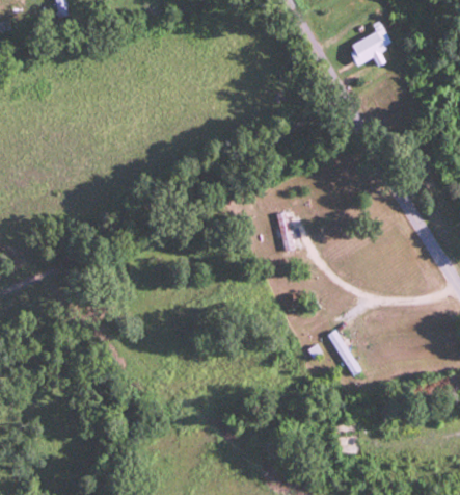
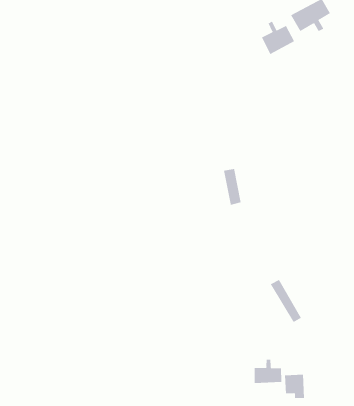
building: none -> [261,21,295,55]
building: none -> [254,359,282,384]

